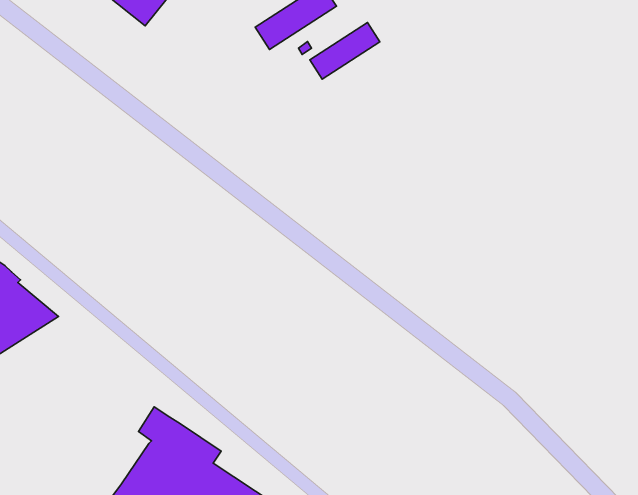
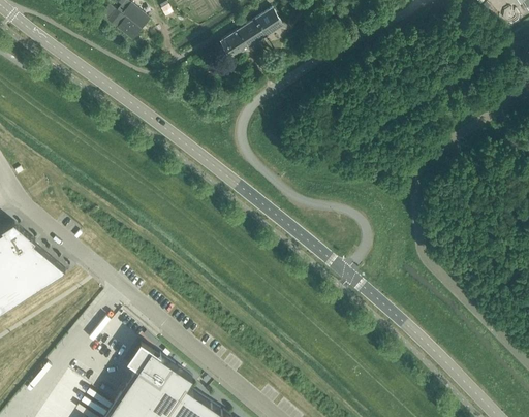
building: [310,23,380,79] -> none

